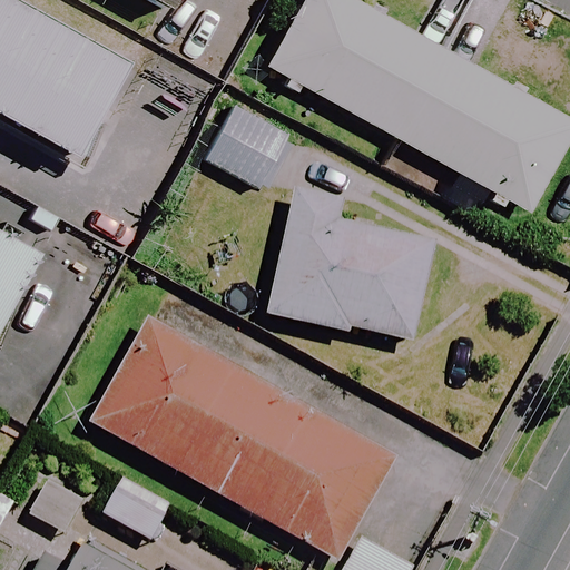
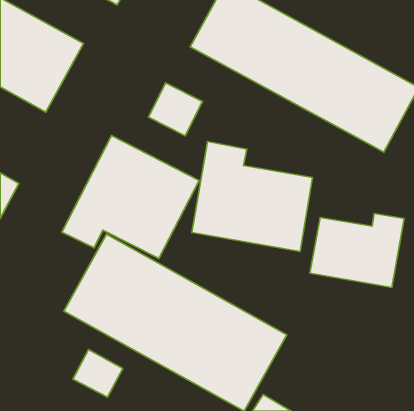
building: none -> [62,136,199,258]
building: none -> [310,214,404,287]

